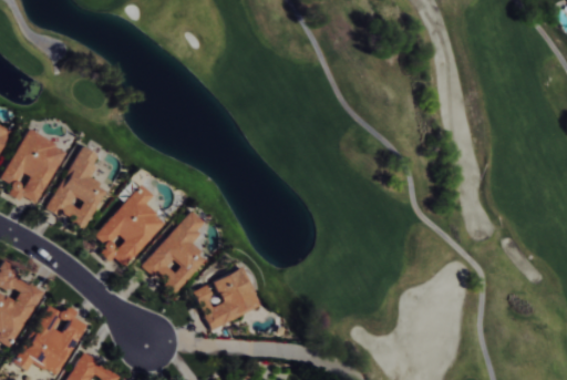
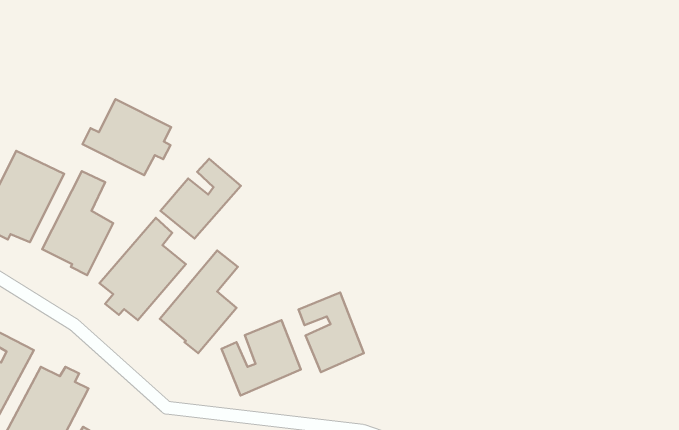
building: none -> [83,99,171,175]
building: none -> [160,159,241,239]
building: none -> [299,293,364,372]

